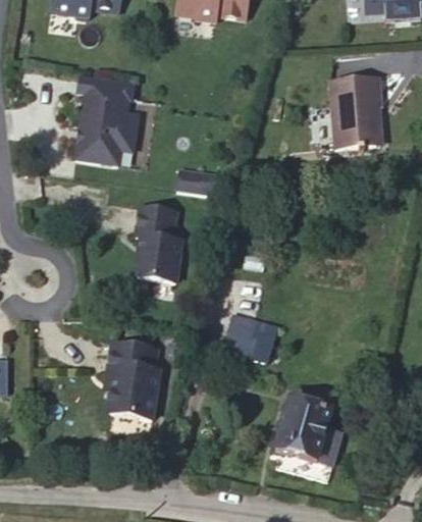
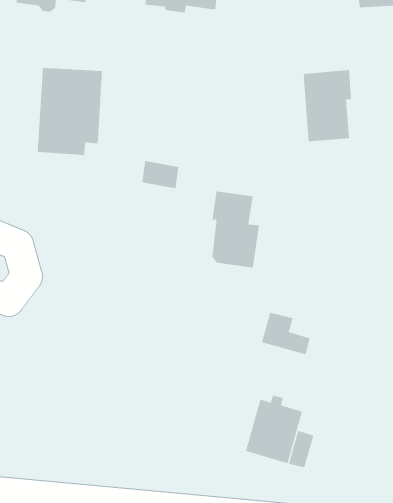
building: [136,207,182,282] -> [212,191,260,268]
building: [224,319,272,361] -> [261,312,310,355]
building: [107,343,159,419] -> none

